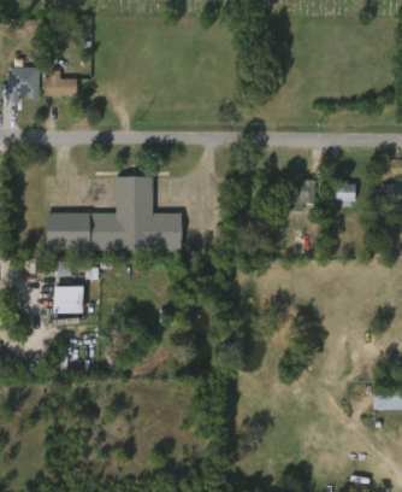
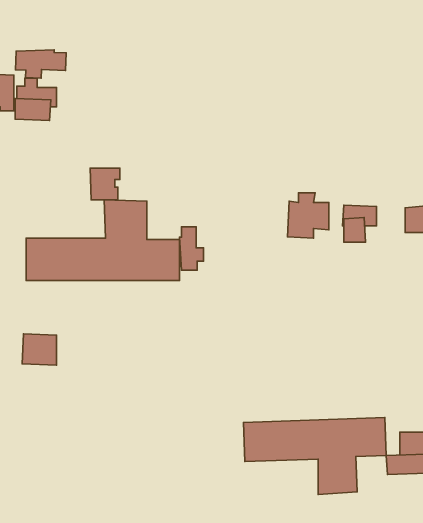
building: none -> [15,50,66,78]
building: none -> [90,168,120,200]
building: none -> [179,227,204,270]
building: none -> [244,418,386,494]

